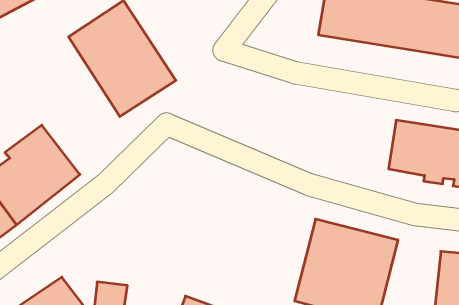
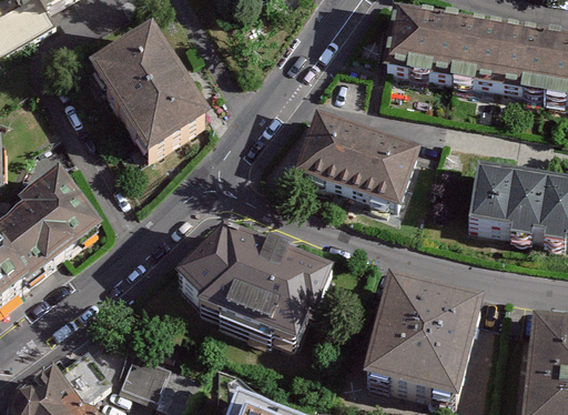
building: none -> [291,111,416,203]
building: none -> [170,222,331,342]

